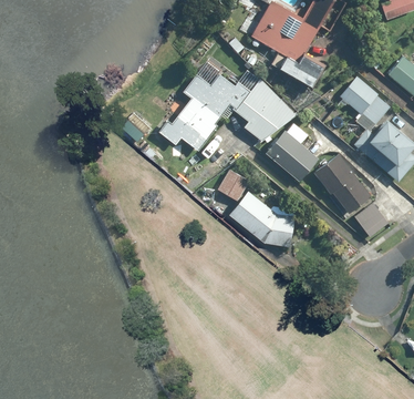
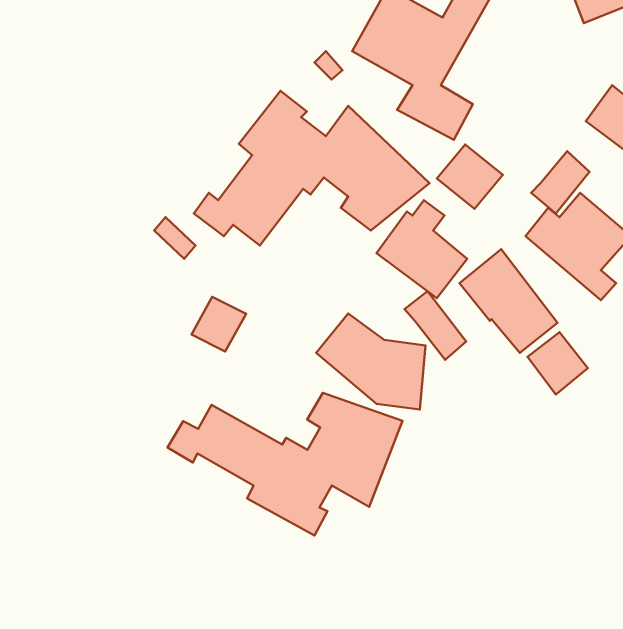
building: [340,76,379,114] -> [437,145,503,209]
building: [218,170,250,202] -> [191,297,246,352]
building: none -> [404,291,466,360]
building: none -> [168,393,403,535]

